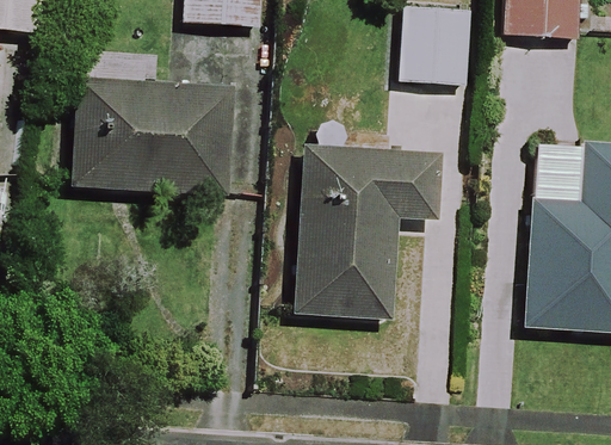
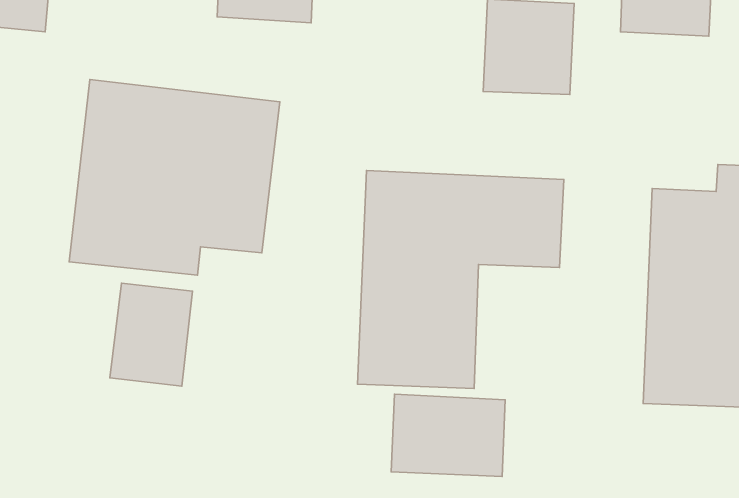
building: none -> [110,283,192,386]
building: none -> [391,394,505,476]

